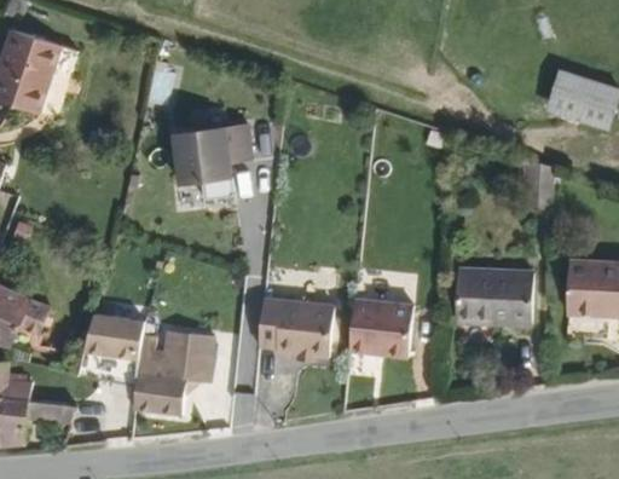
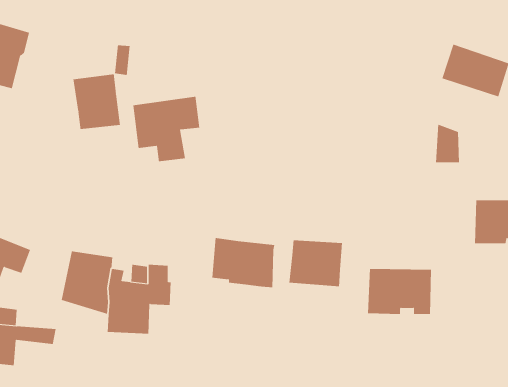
building: none -> [73,73,120,130]
building: [458,260,534,314] -> [367,268,432,315]

